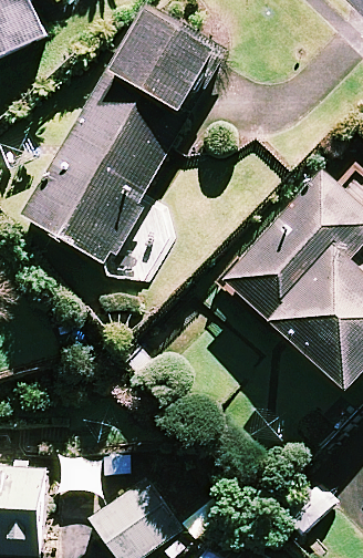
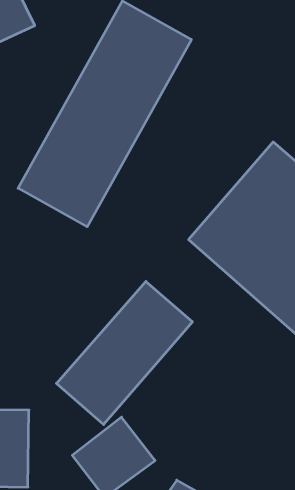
building: none -> [56,281,192,425]

